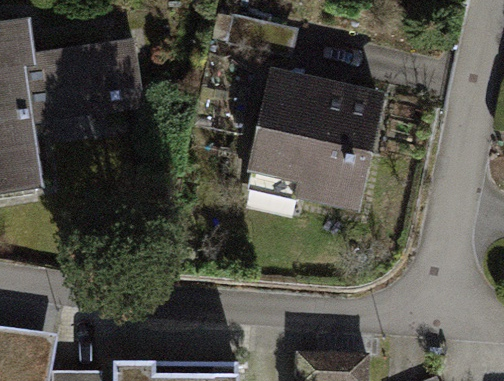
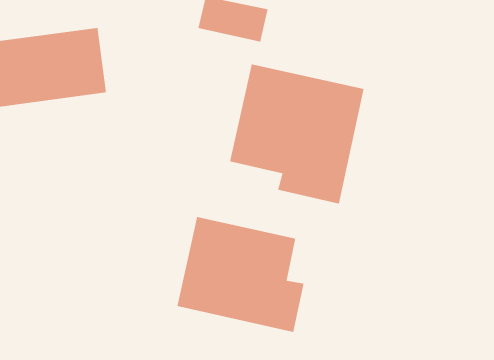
building: none -> [176,216,304,333]

